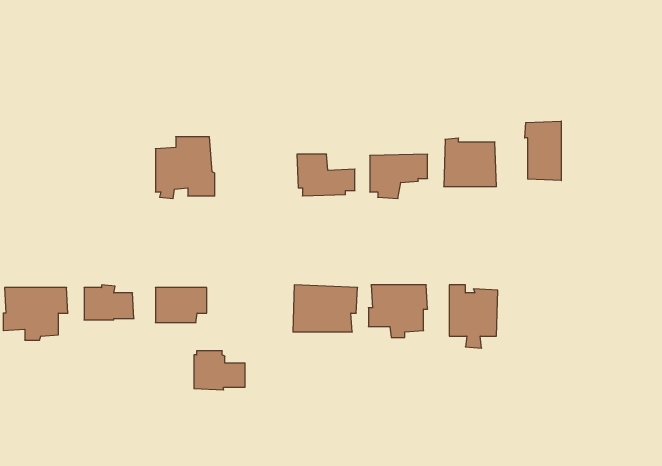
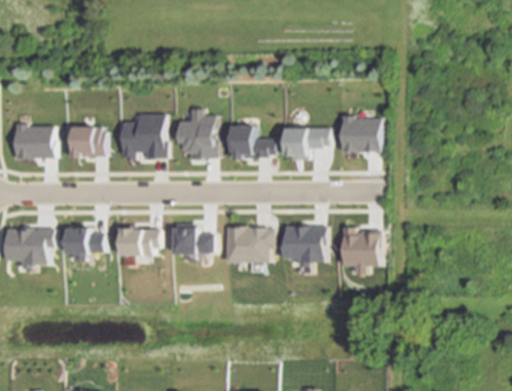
building: [525,121,561,181] -> none
building: none -> [177,108,217,158]
building: none -> [12,123,52,158]
building: none -> [70,125,104,157]
building: [194,351,245,390] -> [175,224,214,253]

